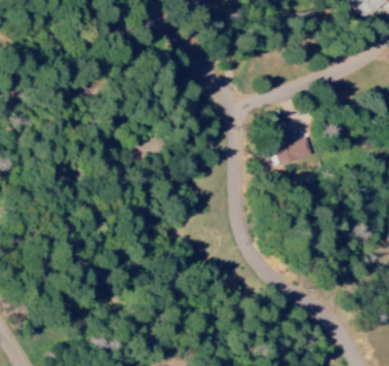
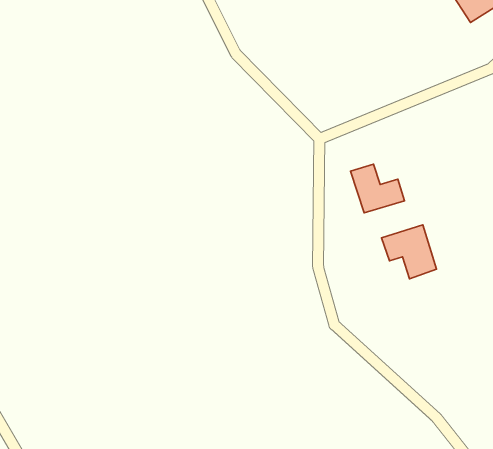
building: none -> [382,225,437,279]

